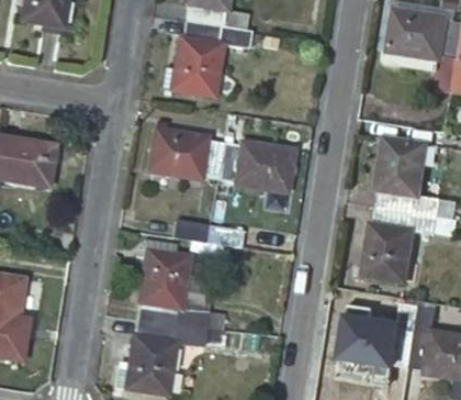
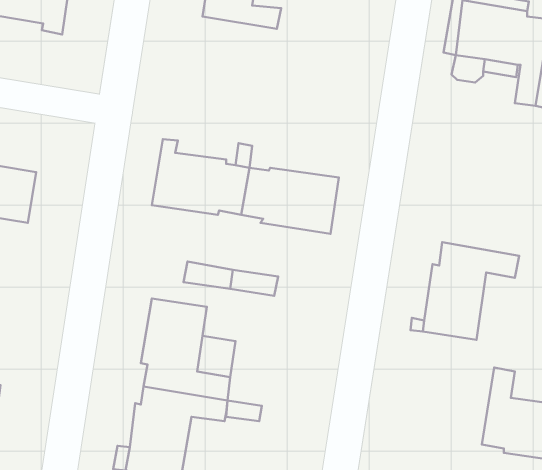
building: [162,22,252,97] -> none
building: [376,134,442,213] -> none
building: [341,300,420,365] -> none

